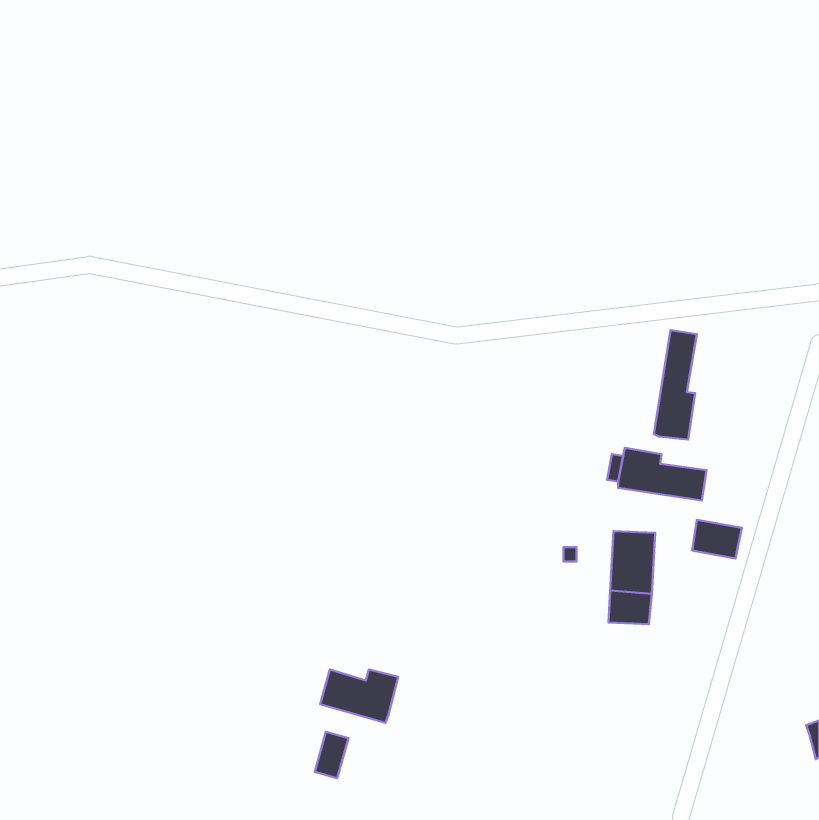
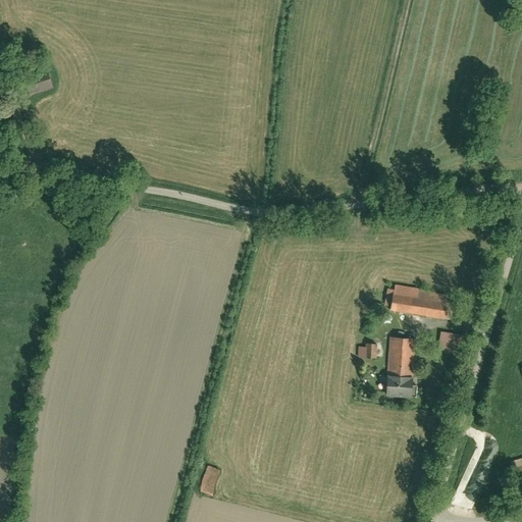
building: [654,330,697,440] -> none
building: [320,669,398,723] -> none

